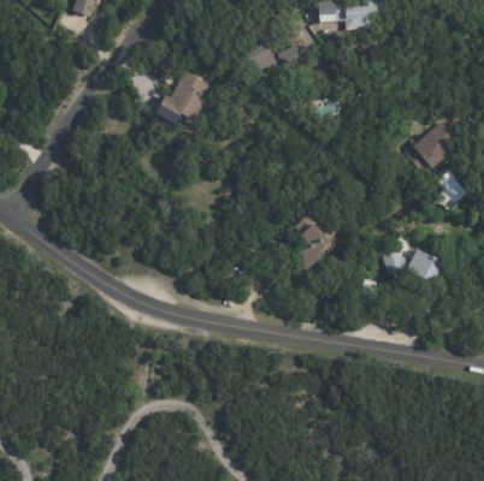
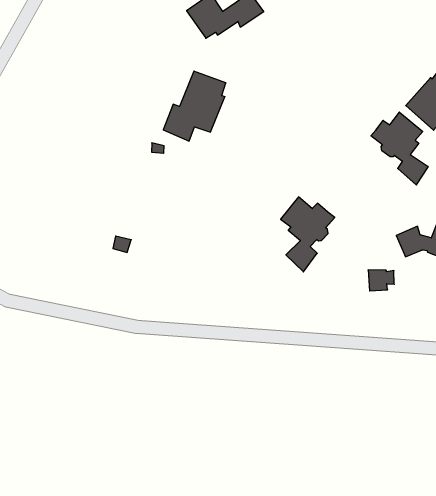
building: [153,70,208,125] -> [163,71,226,141]
building: none -> [371,112,428,185]

